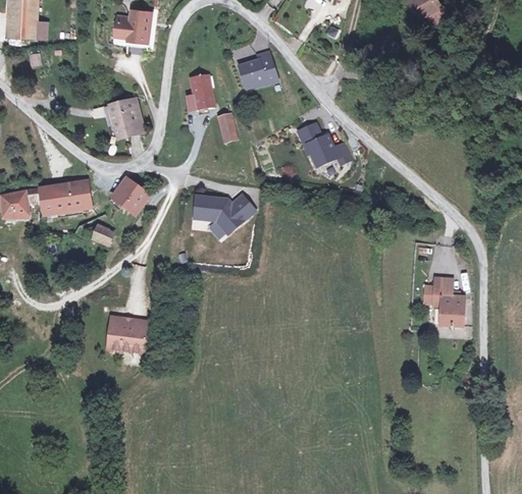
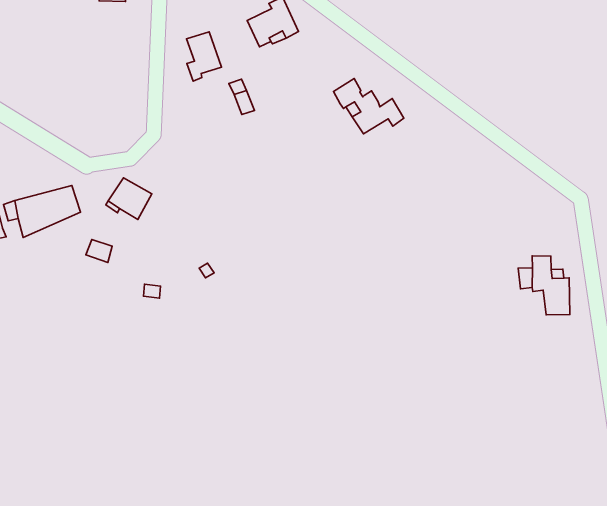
building: [111,101,141,136] -> none
building: [193,193,253,231] -> none
building: [110,318,148,353] -> none

